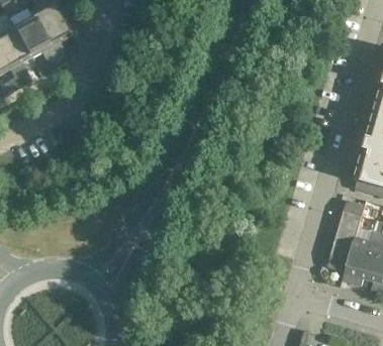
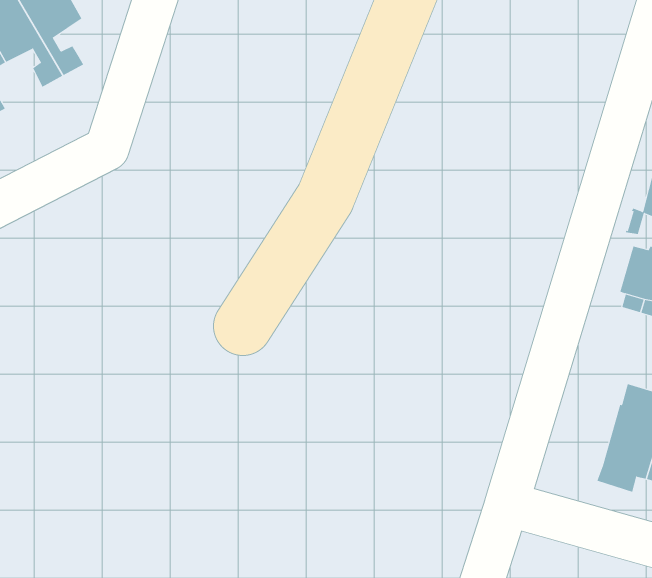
building: [327,200,365,270] -> none

